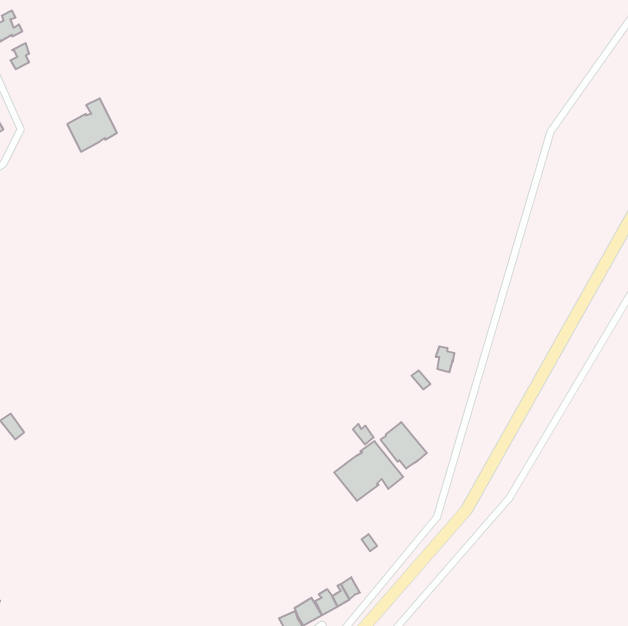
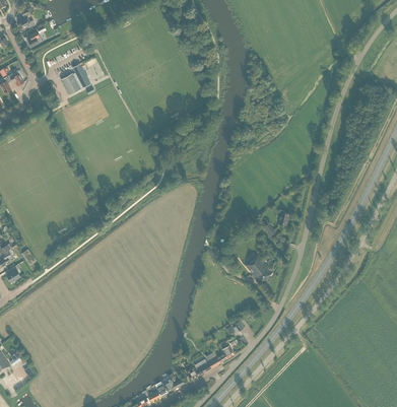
building: [334,441,403,501] -> none

